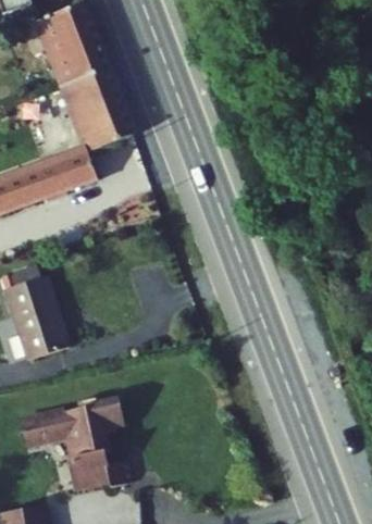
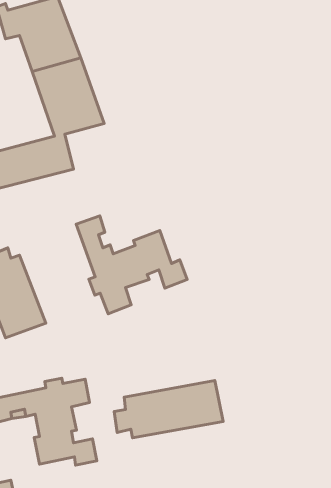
building: none -> [76,216,187,314]
building: none -> [114,381,223,438]

